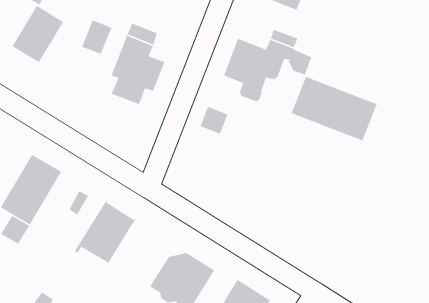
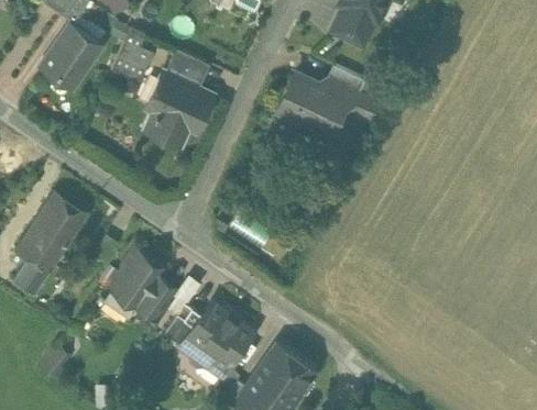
building: [291,76,378,141] -> none
building: [200,106,229,135] -> none
building: none -> [141,278,182,323]
building: none -> [164,302,201,344]

